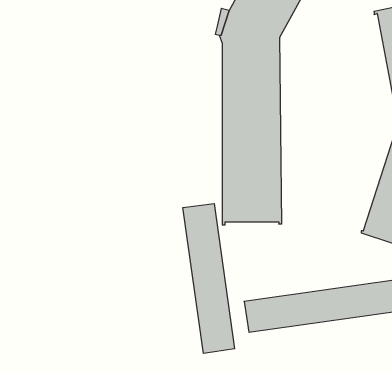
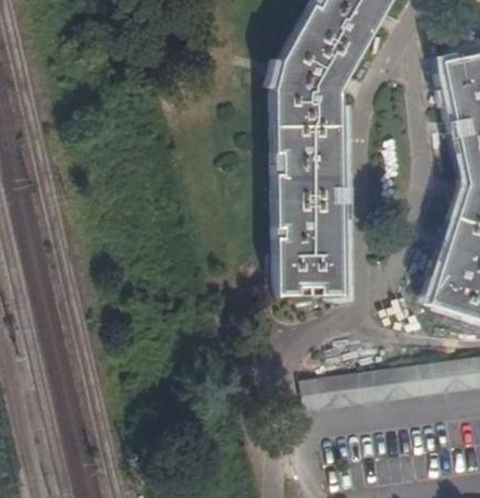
building: [183,204,235,353] -> none

